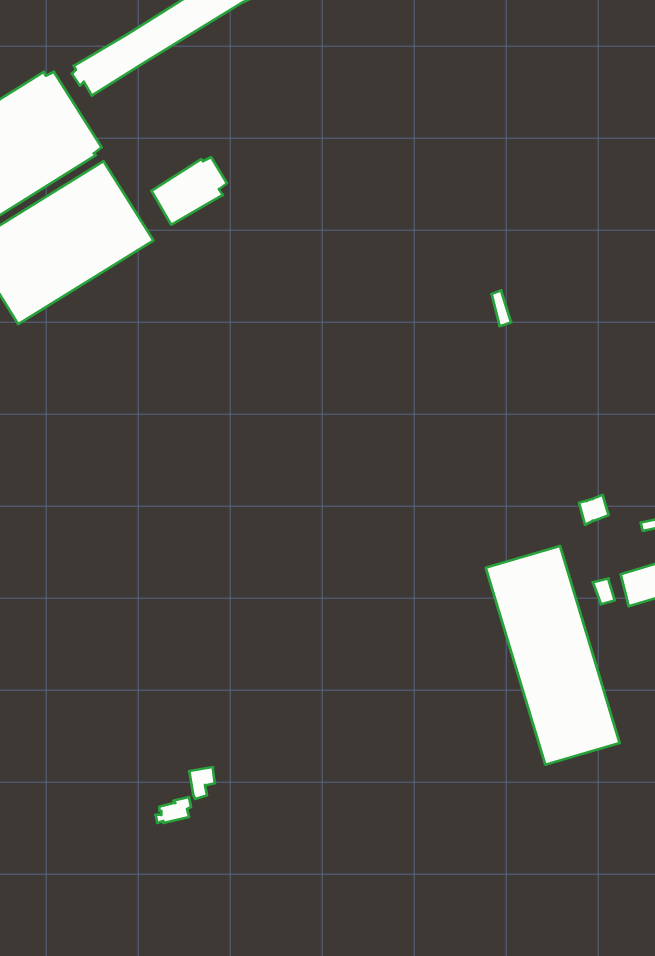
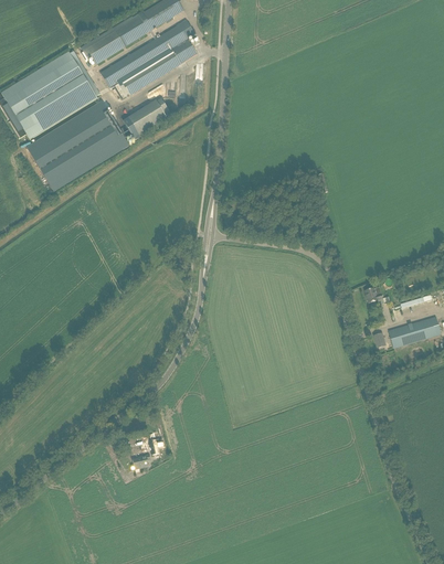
building: none -> [99,19,195,98]
building: [486,546,620,765] -> none

